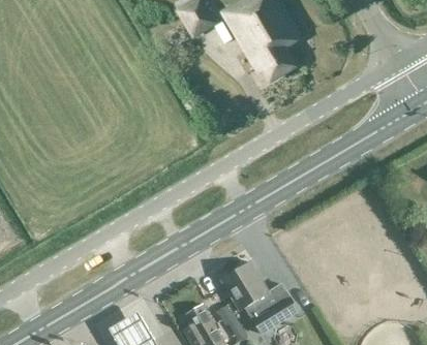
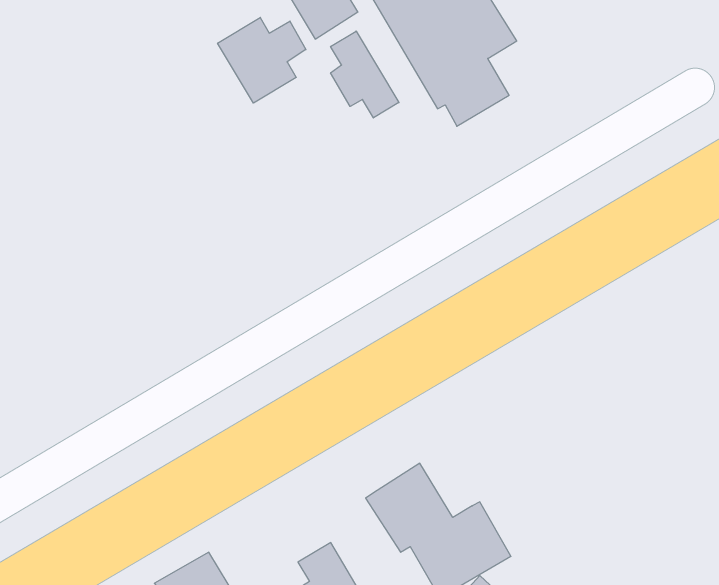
building: none -> [218,17,306,103]
building: none -> [331,31,399,118]

